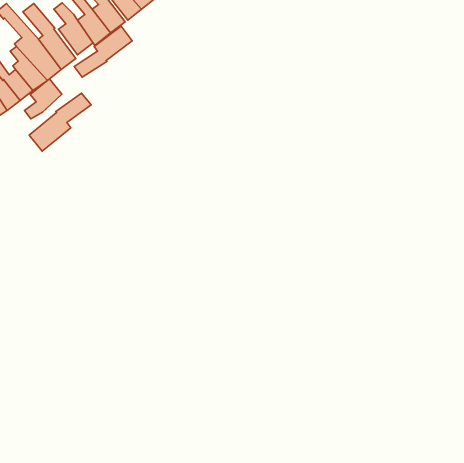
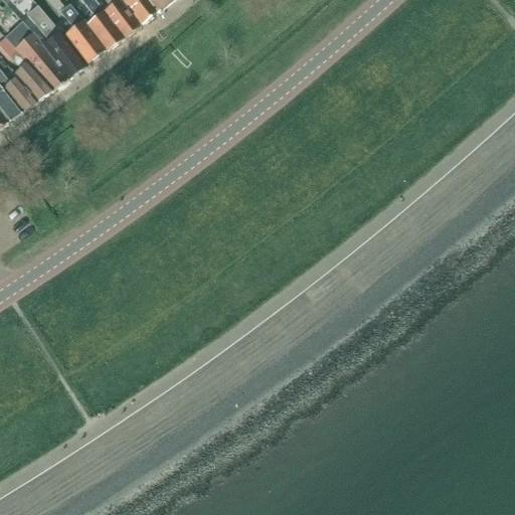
building: [74,26,132,77] -> none
building: [24,79,62,119] -> none
building: [29,93,91,151] -> none

